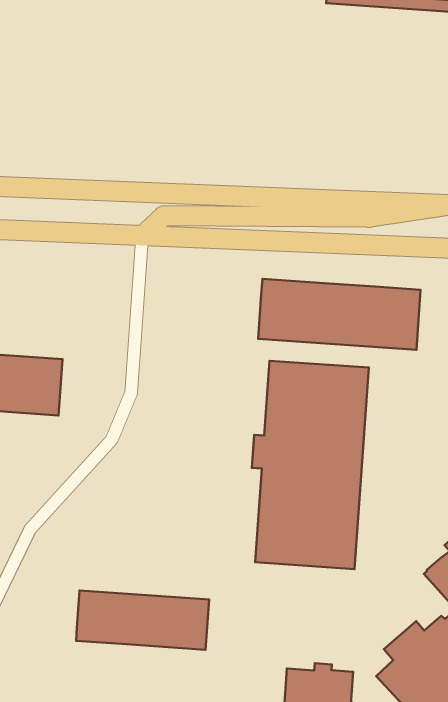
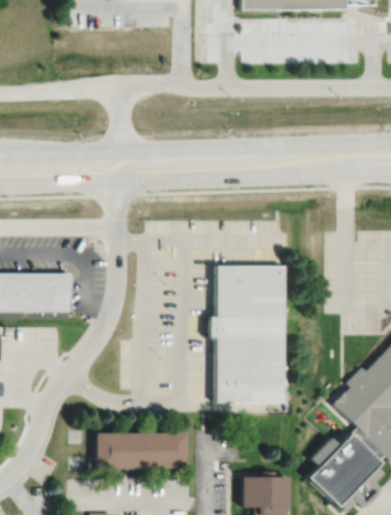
building: [258,279,421,350] -> none

